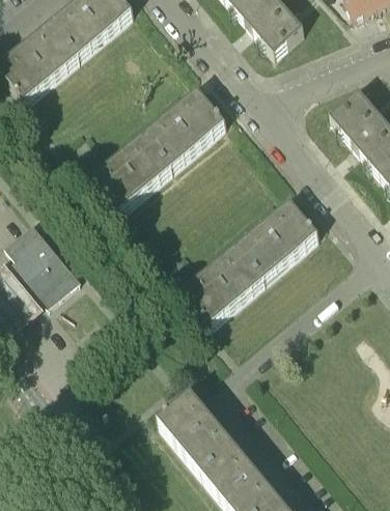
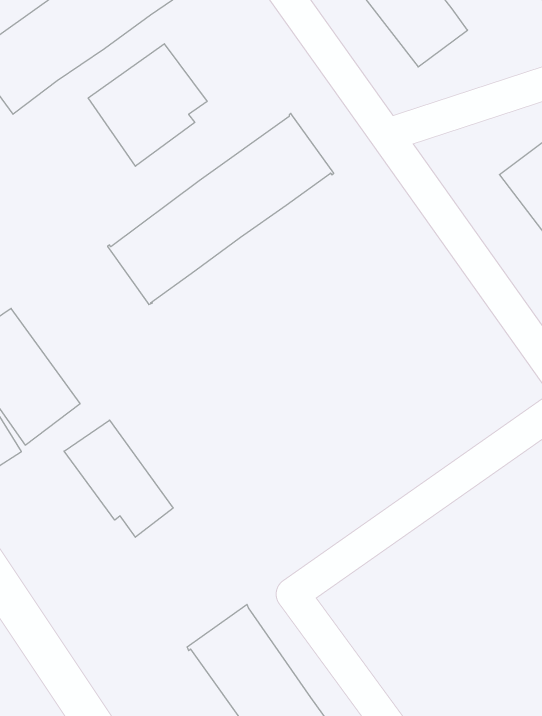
building: none -> [88,44,207,166]
building: [183,198,321,321] -> none
building: none -> [64,420,173,537]

